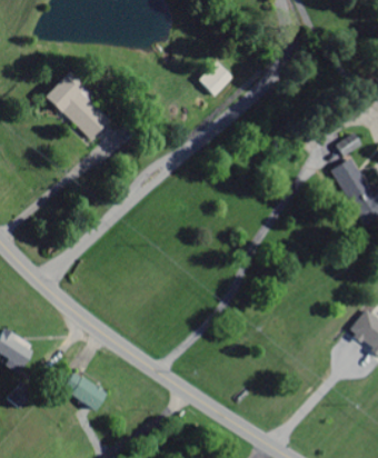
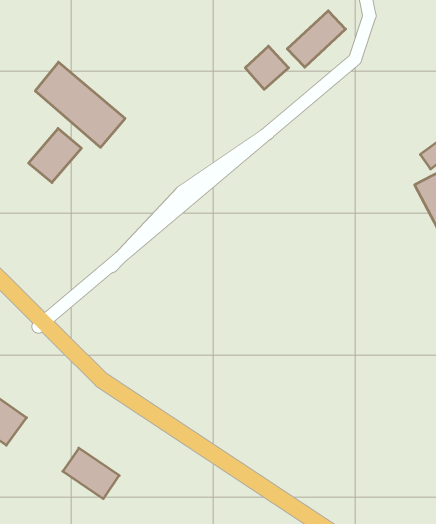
building: none -> [287,11,346,67]
building: none -> [29,128,81,183]

